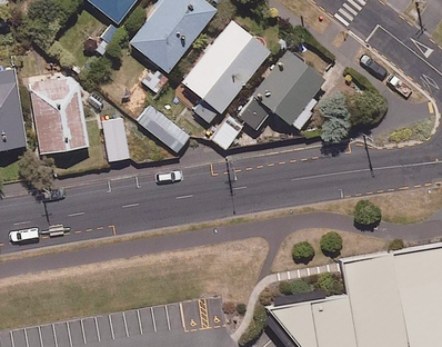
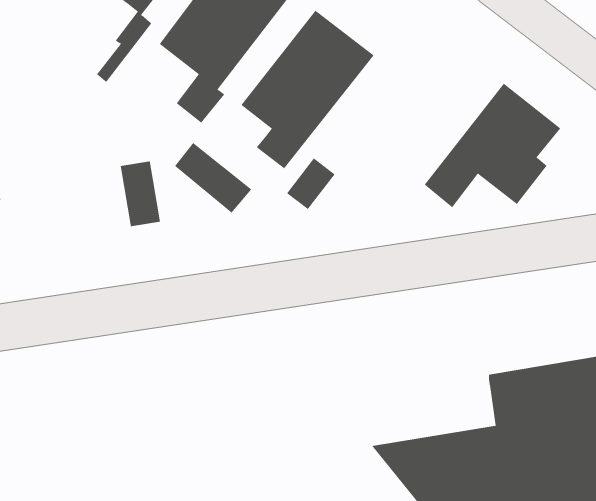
building: [237,49,327,131] -> [424,83,561,208]
building: [30,75,88,152] -> none

